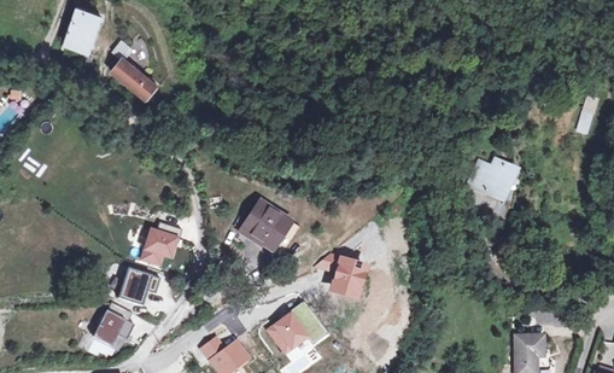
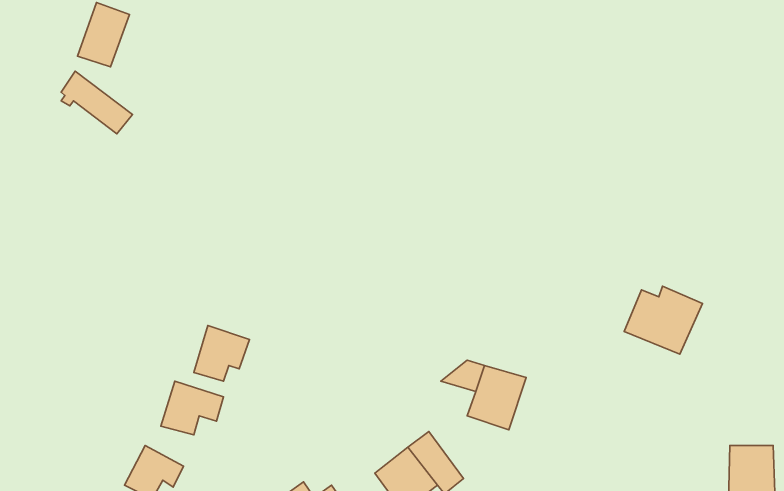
building: [106,54,156,98] -> [61,71,133,134]
building: [466,155,520,202] -> [624,286,702,354]
building: [238,203,299,263] -> none

